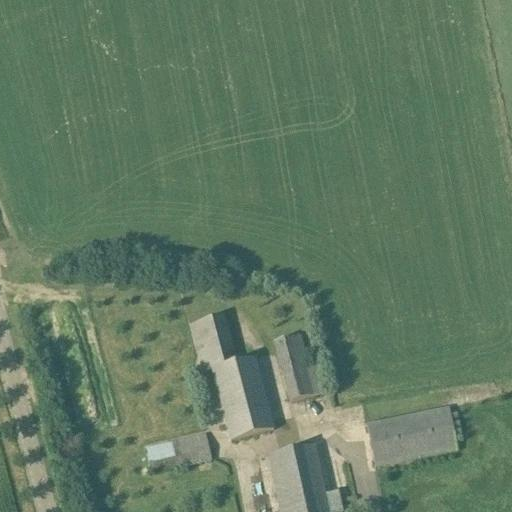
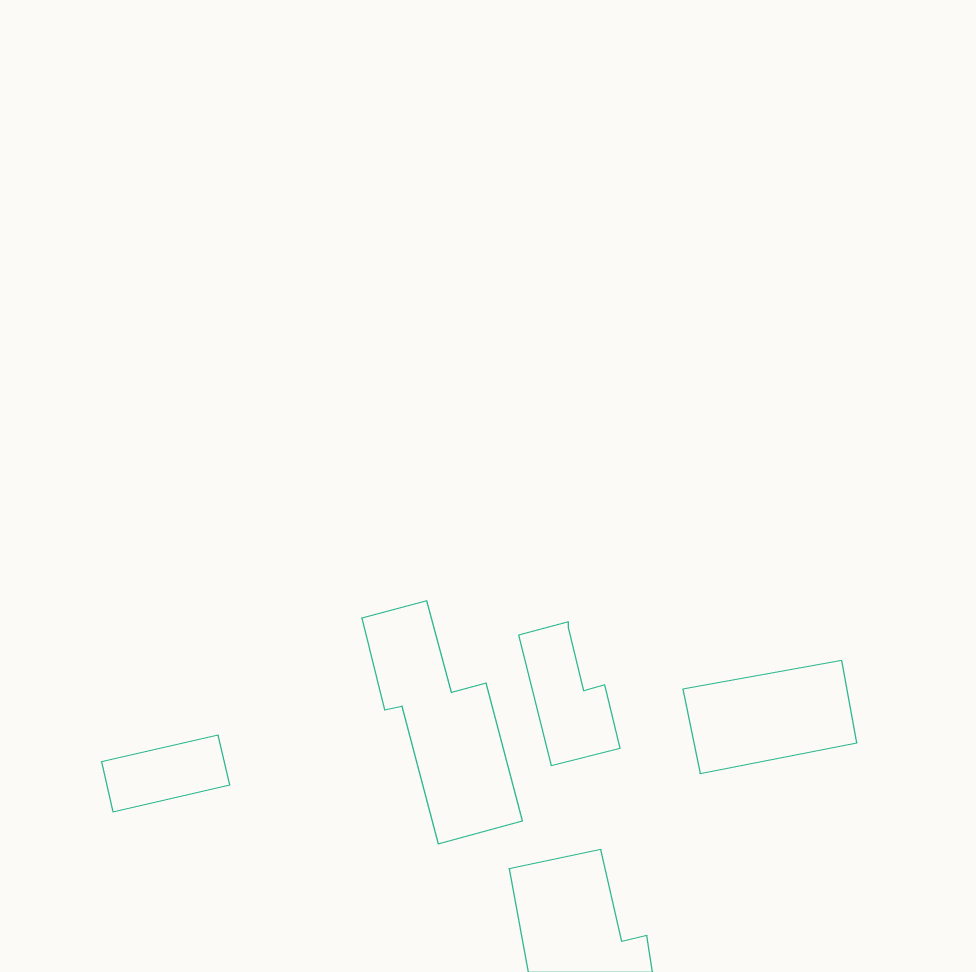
building: [367,407,458,466] -> [683,661,857,773]
building: [145,433,212,473] -> [101,735,230,812]

